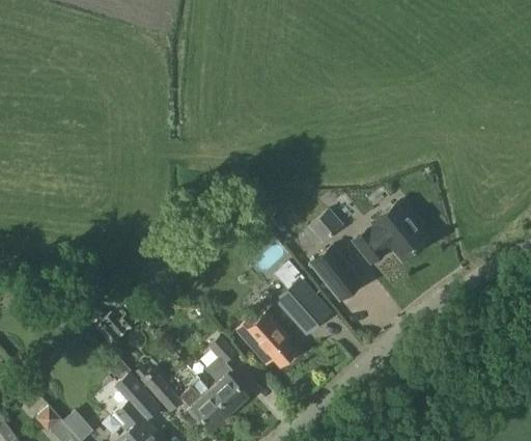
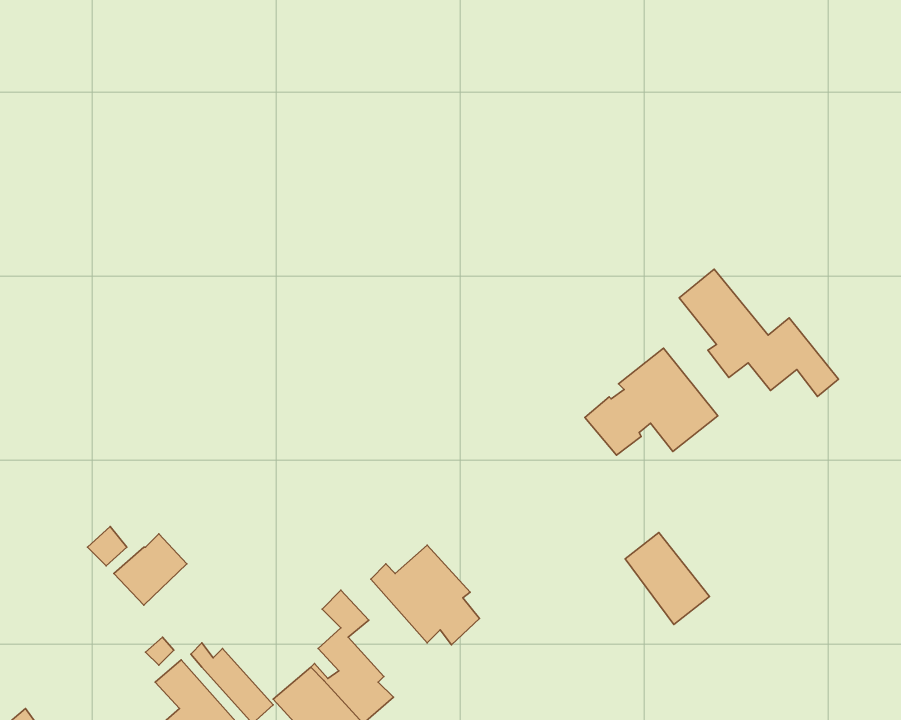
building: none -> [679,269,839,397]
building: [311,209,344,242] -> none
building: [314,247,361,298] -> [625,533,710,625]
building: [276,279,323,335] -> none

